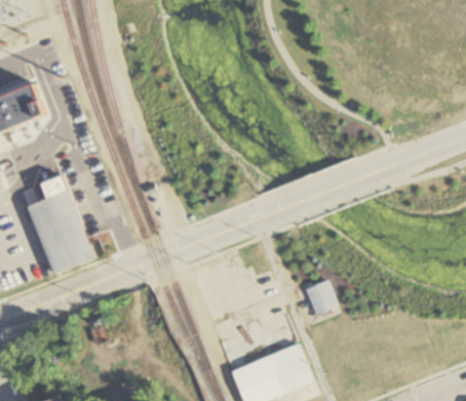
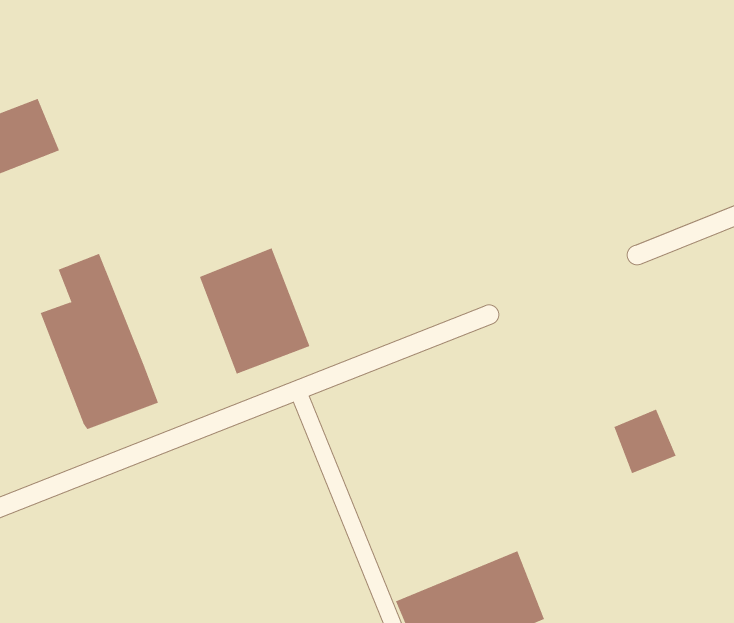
building: none -> [199,248,310,375]
building: [303,279,339,316] -> [613,409,677,474]

